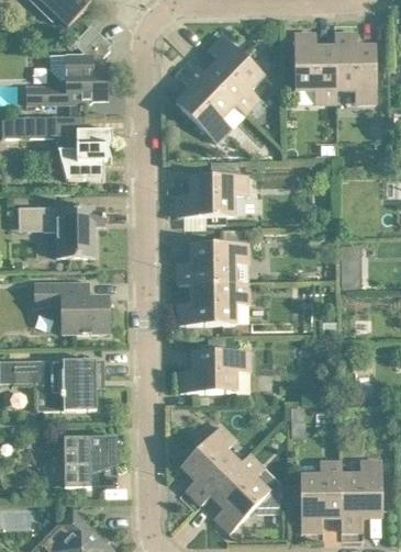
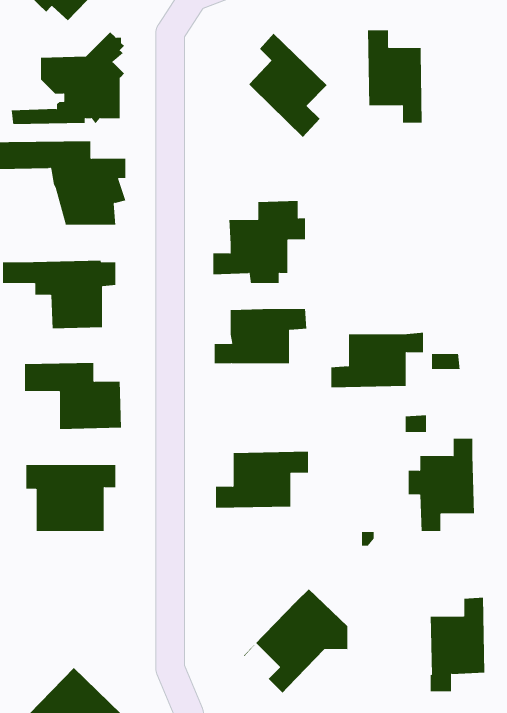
building: [334,32,376,102] -> none
building: [175,64,245,142] -> none
building: [178,282,248,324] -> [330,332,424,388]
building: [180,425,240,503] -> none
building: [64,436,116,486] -> none
building: [291,460,342,530] -> [408,438,475,531]

